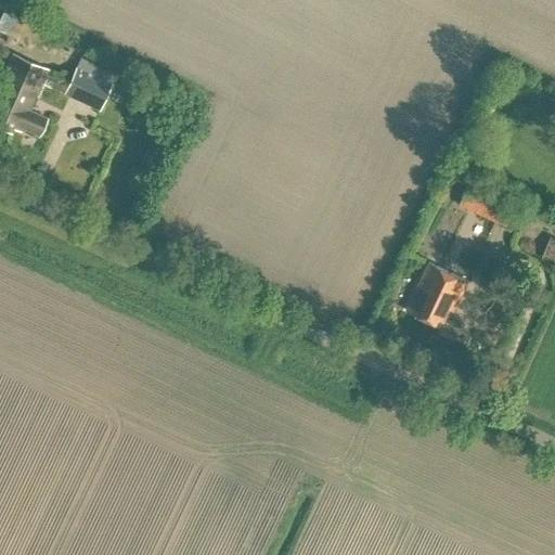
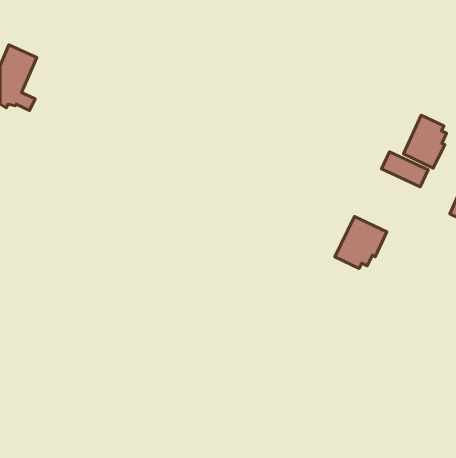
building: [67,67,114,111] -> none
building: none -> [404,115,446,168]

